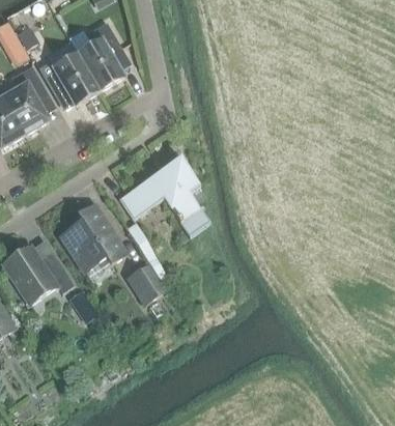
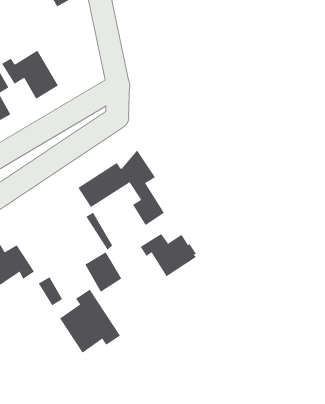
building: [77,22,123,90] -> none
building: [61,204,125,272] -> [59,289,121,353]
building: none -> [140,233,197,277]

